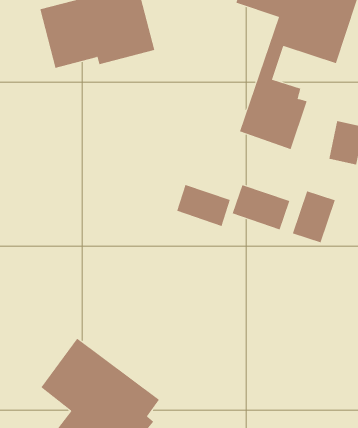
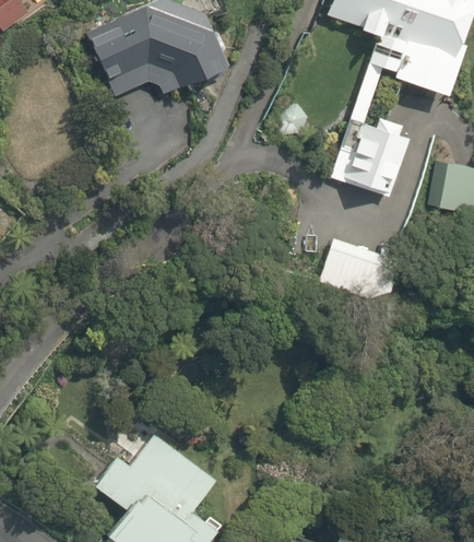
building: [176,184,231,227] -> none
building: [292,191,335,243] -> none

